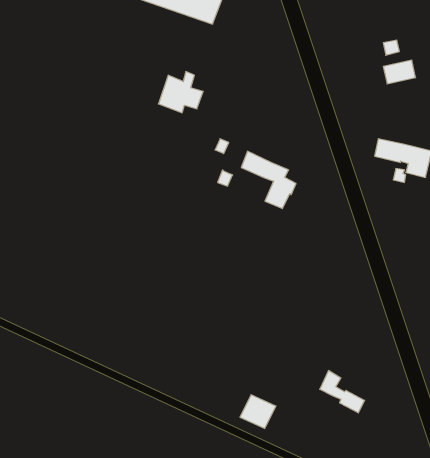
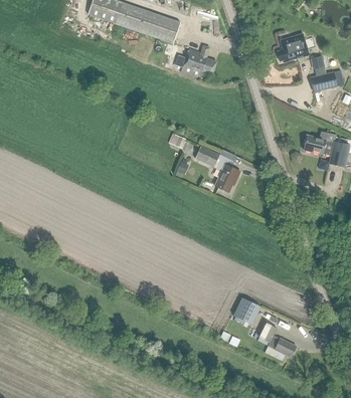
building: none -> [277,32,309,61]
building: [158,72,203,113] -> [180,44,216,77]
building: [240,395,276,428] -> [232,297,261,325]

